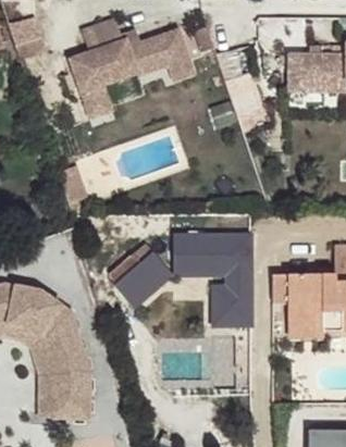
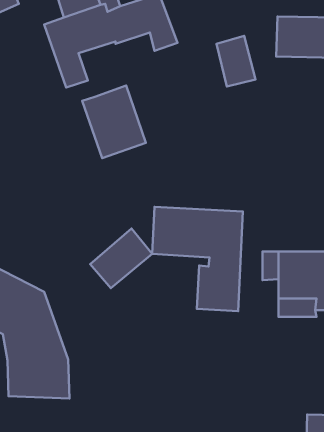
building: none -> [82,85,146,158]

